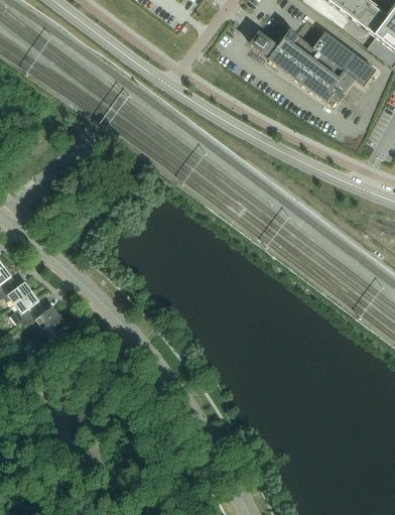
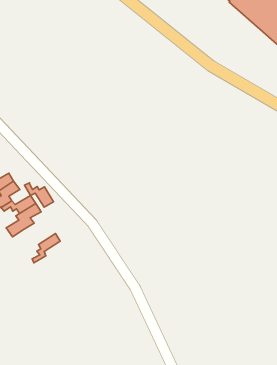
building: none -> [24,183,54,207]
building: none -> [32,233,60,263]

